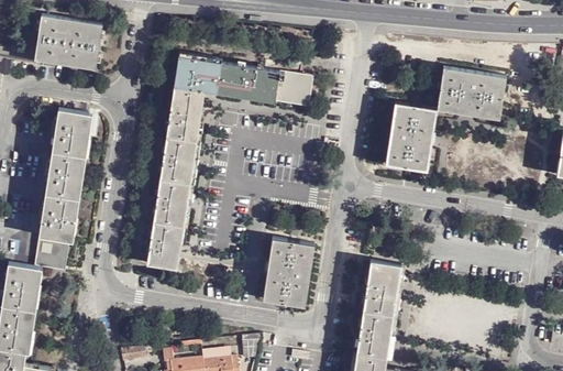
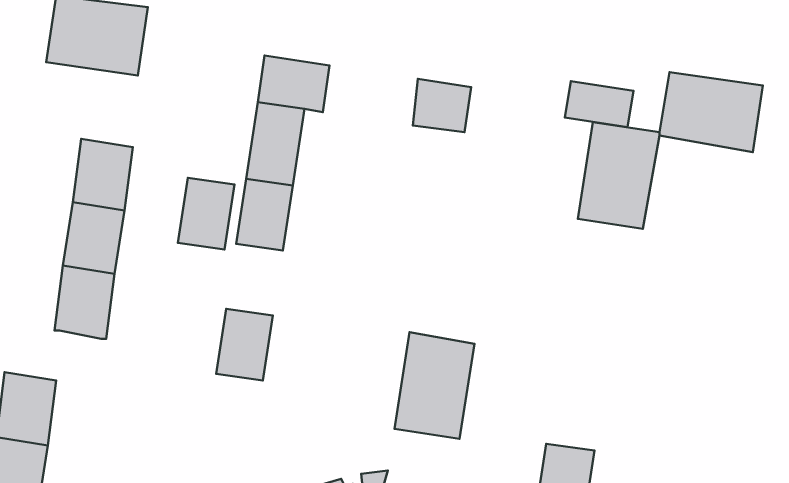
building: [217,63,279,102] -> none
building: none -> [565,81,634,127]
building: [153,181,190,228] -> [178,178,235,249]
building: [38,238,70,270] -> none
building: [364,261,402,317] -> none

